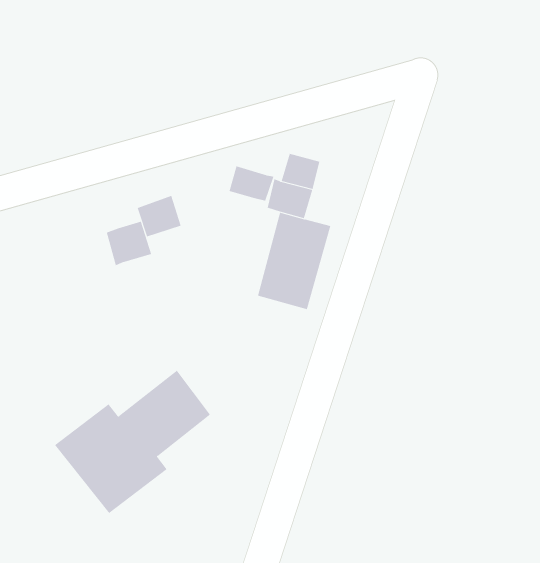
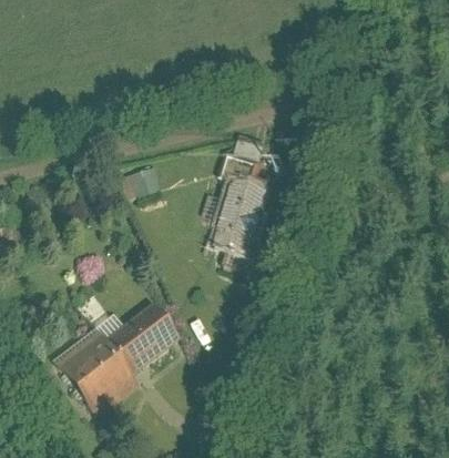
building: [229,165,274,201] -> none
building: [106,221,152,266] -> none

